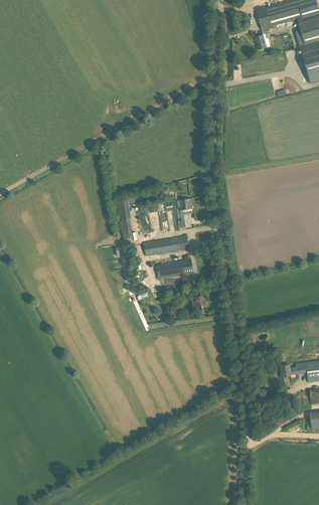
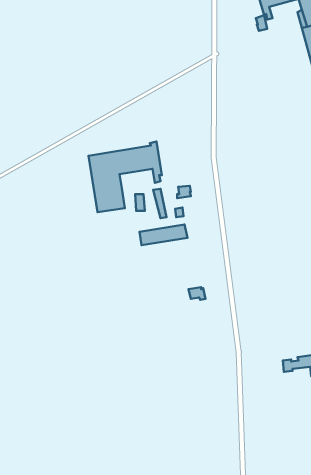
building: none -> [88,141,162,212]
building: [155,260,193,279] -> none

